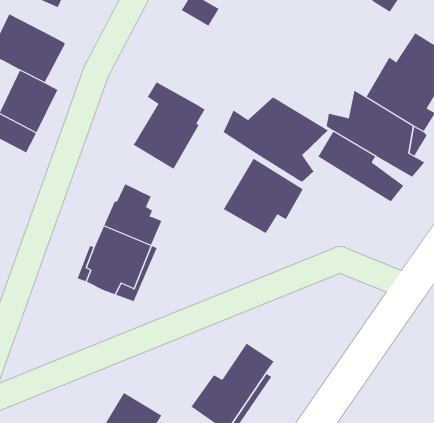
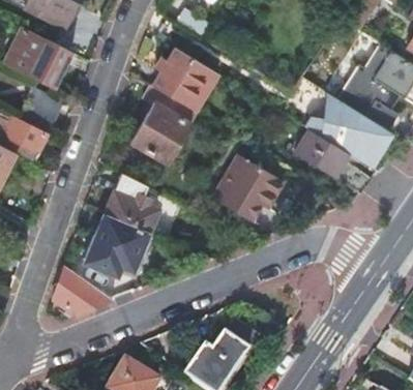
building: none -> [152,49,208,107]
building: [223,96,329,183] -> none
building: none -> [53,268,113,317]

